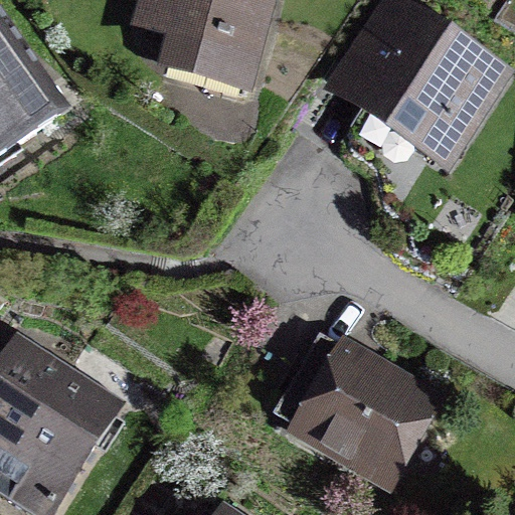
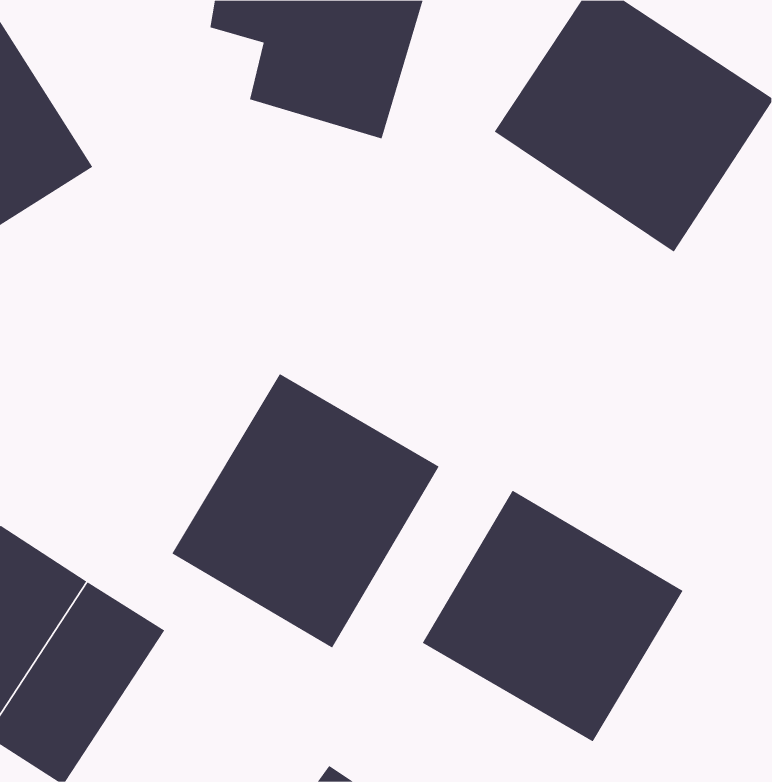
building: none -> [172,373,439,648]

